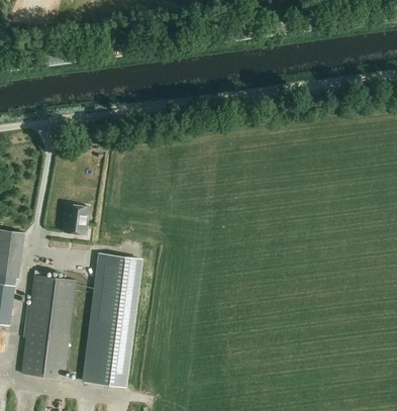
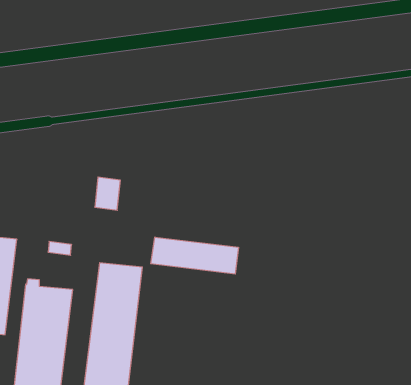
building: [63,202,87,233] -> [95,177,120,210]
building: none -> [151,237,238,274]

